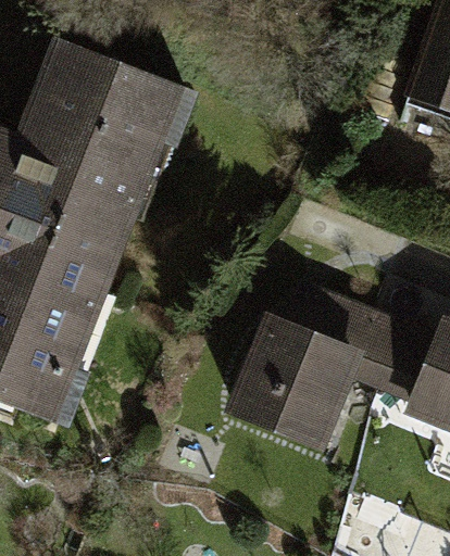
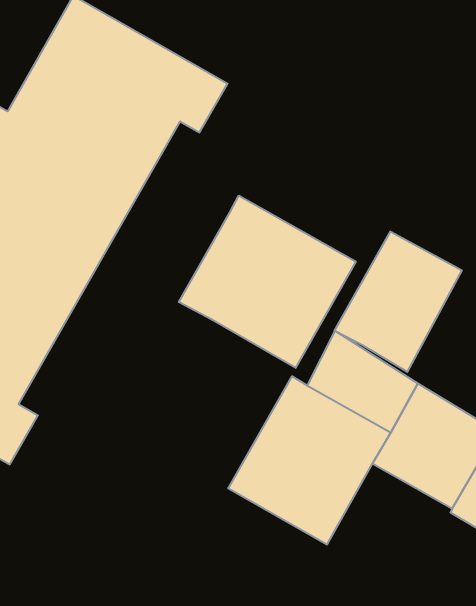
building: none -> [179,196,356,368]
building: none -> [334,231,462,372]

